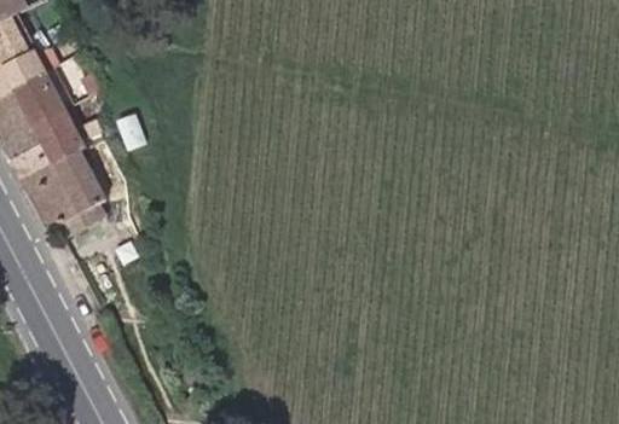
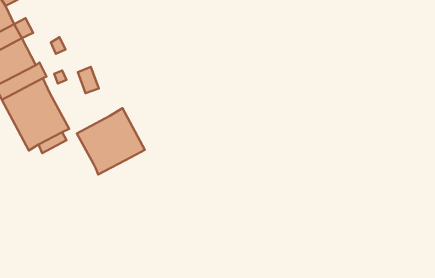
building: none -> [77,108,145,175]

